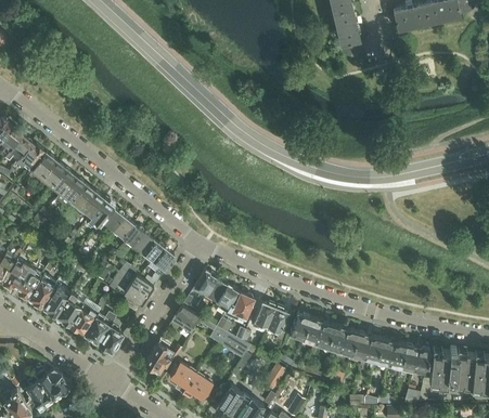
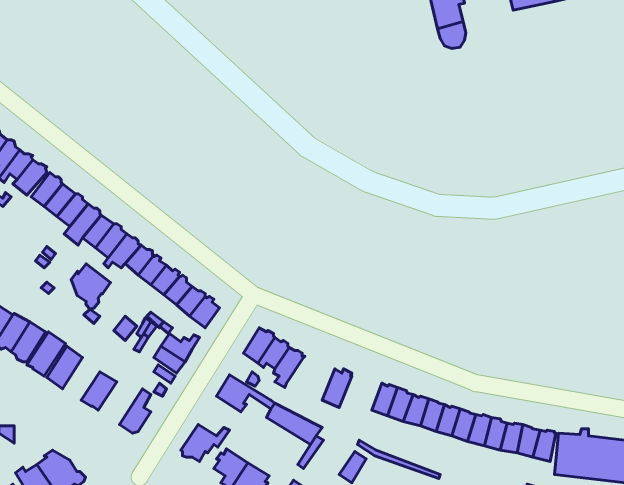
building: none -> [71,264,111,309]
building: [54,292,82,325] -> none
building: [224,292,254,322] -> none
building: [265,305,287,342] -> none
building: [83,311,116,342] -> none

